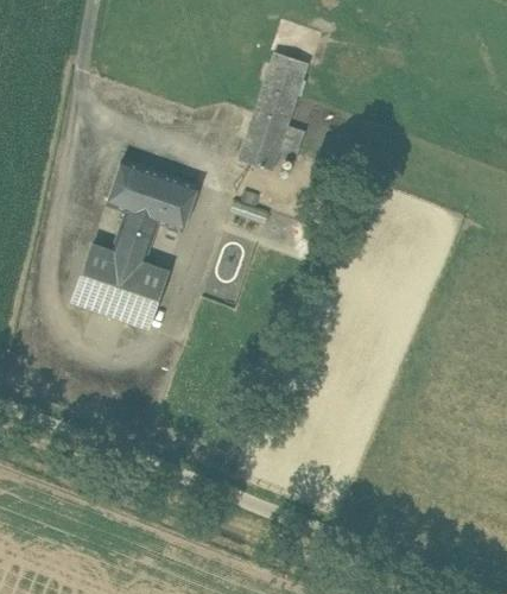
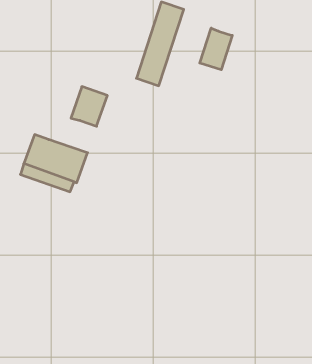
building: none -> [200,28,232,70]
building: [107,160,161,261] -> none

